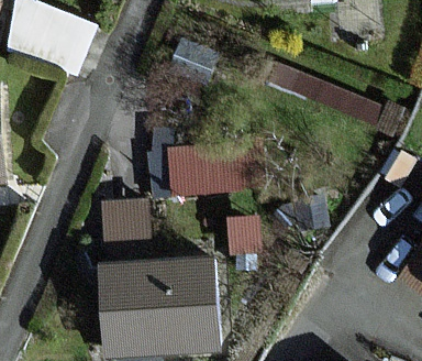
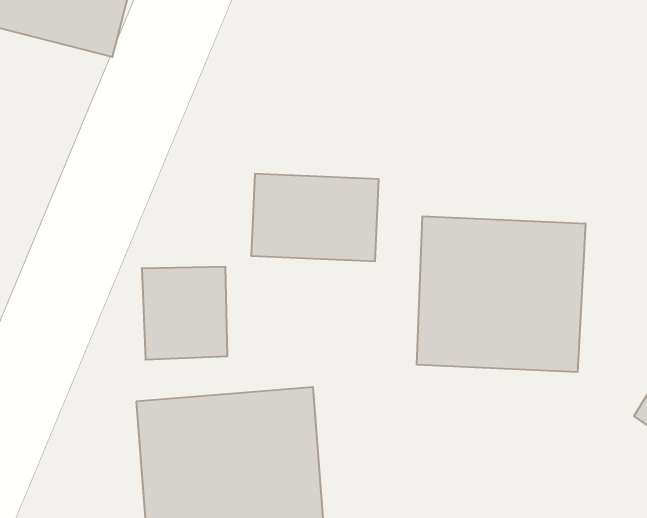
building: none -> [417,216,585,372]

